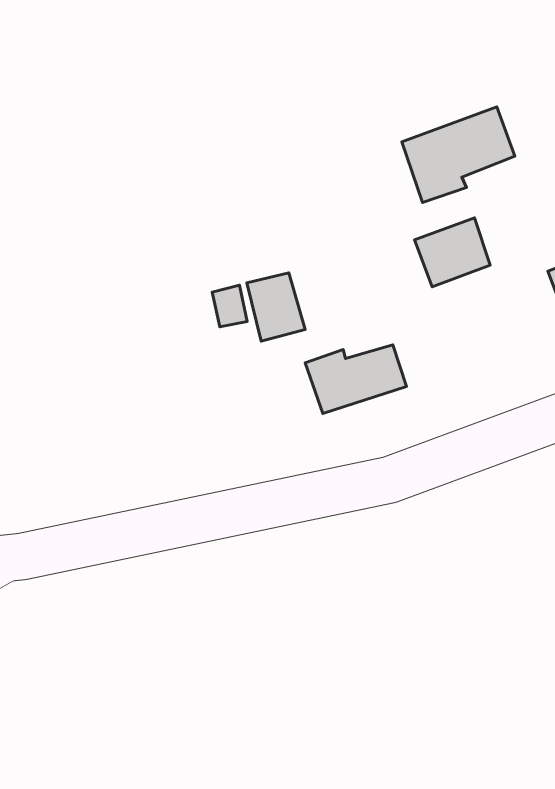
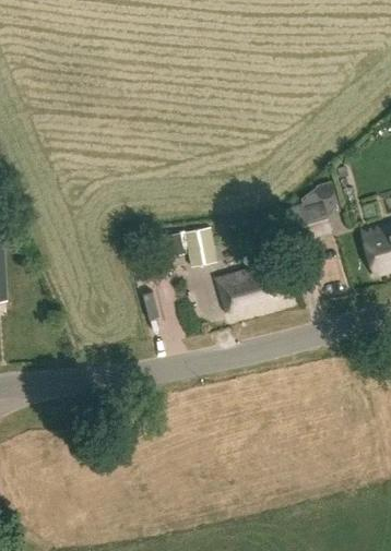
building: [402,107,515,202] -> none

